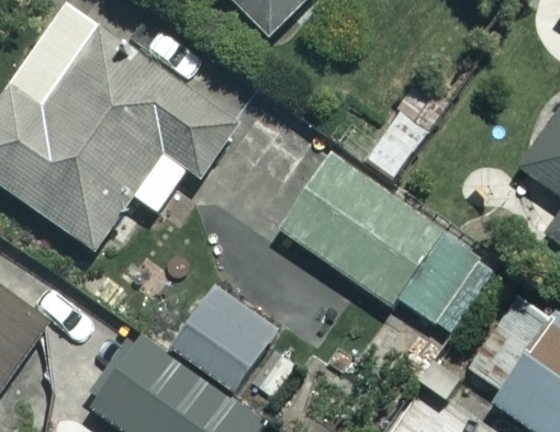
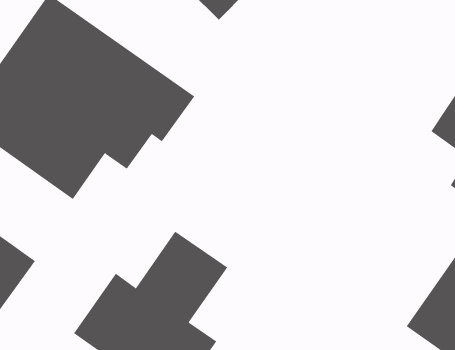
building: [273,151,497,336] -> none

